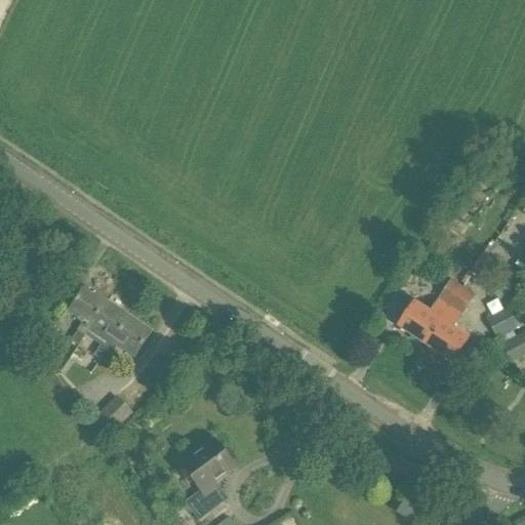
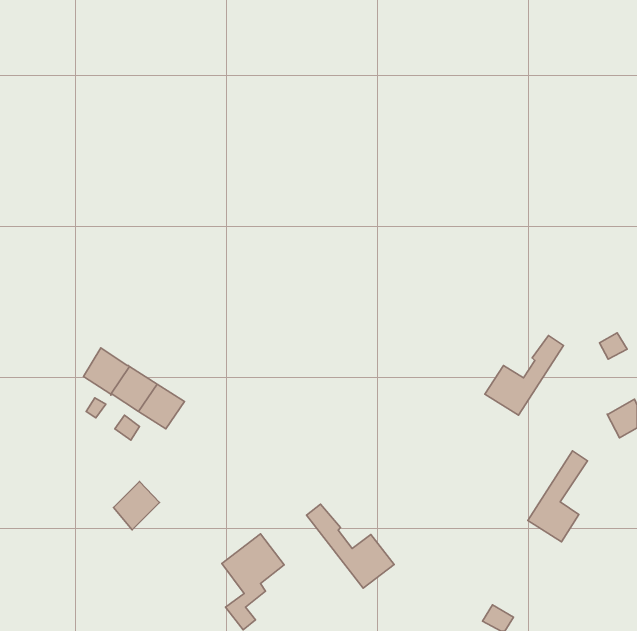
building: [427,284,476,359] -> [528,451,588,542]
building: [484,305,515,335] -> none
building: none -> [307,504,394,588]

